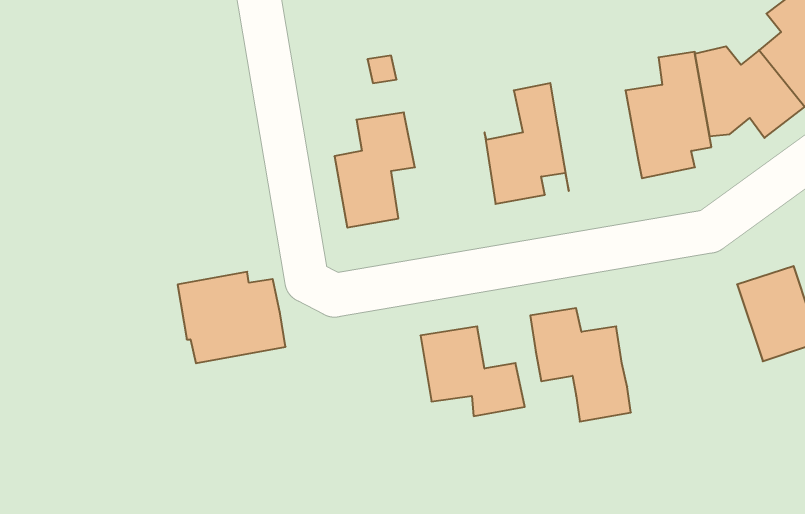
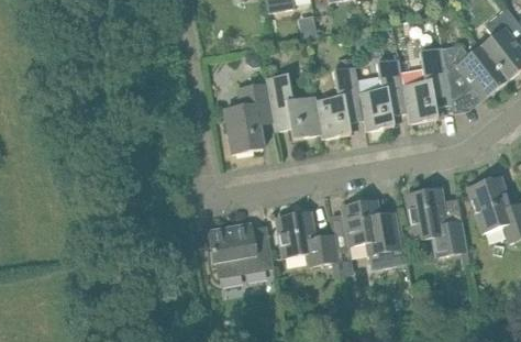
building: none -> [359,57,408,130]
building: none -> [266,73,322,137]
building: [178,272,286,363] -> [209,221,274,276]
building: none -> [407,188,468,255]

